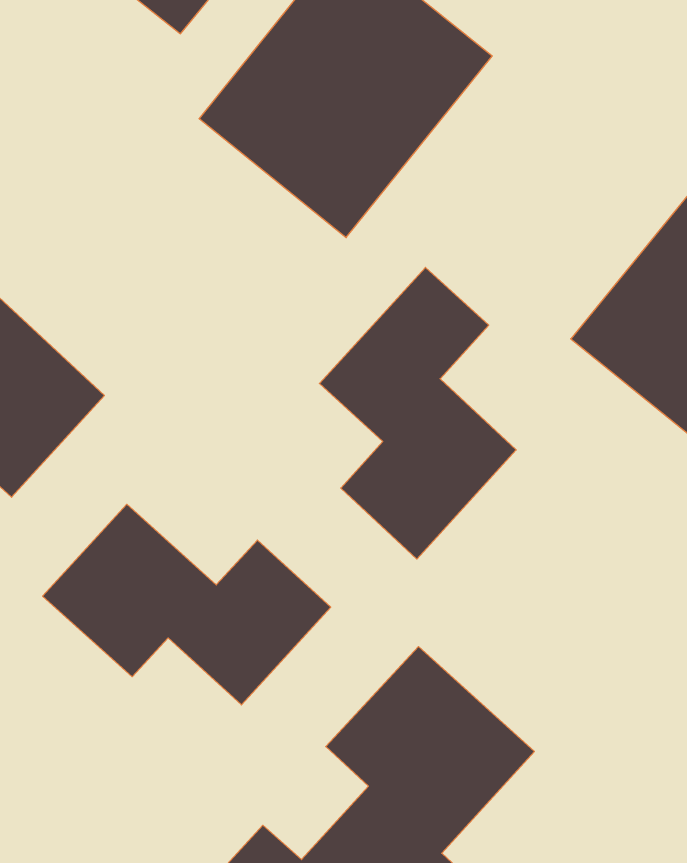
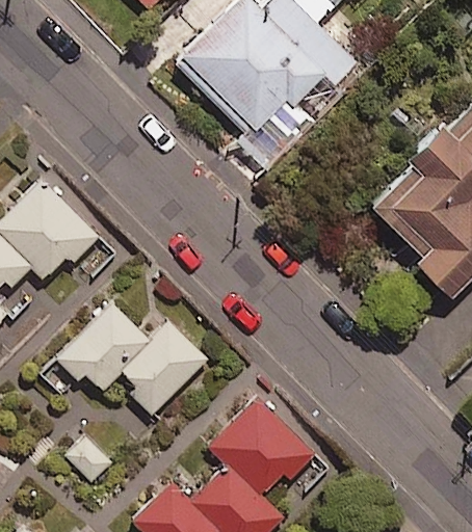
building: [319,267,516,559] -> none

